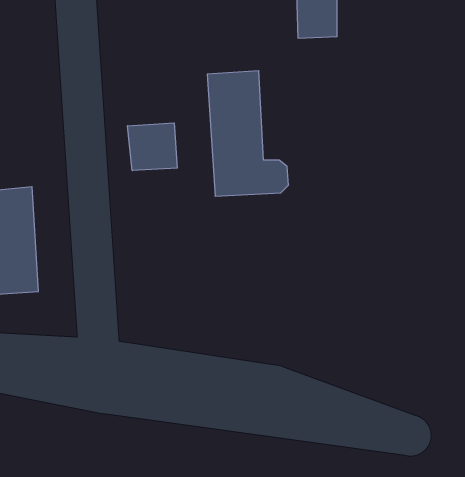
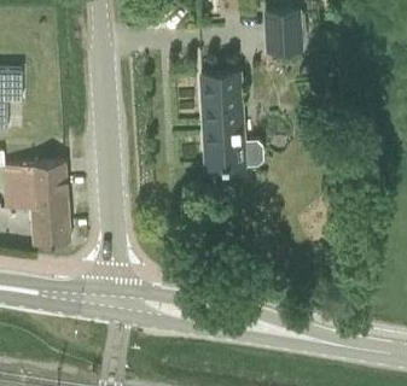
building: [128,123,177,171] -> none

